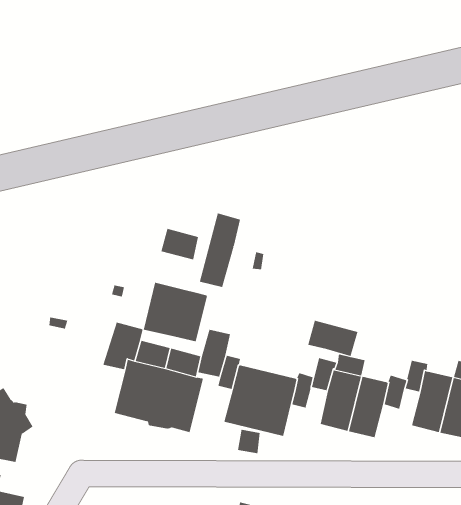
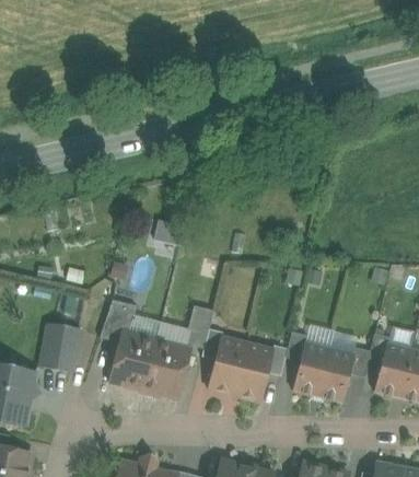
building: [199,213,241,288] -> none
building: [143,282,208,342] -> none
building: [307,320,358,357] -> none
building: none -> [42,325,80,369]

